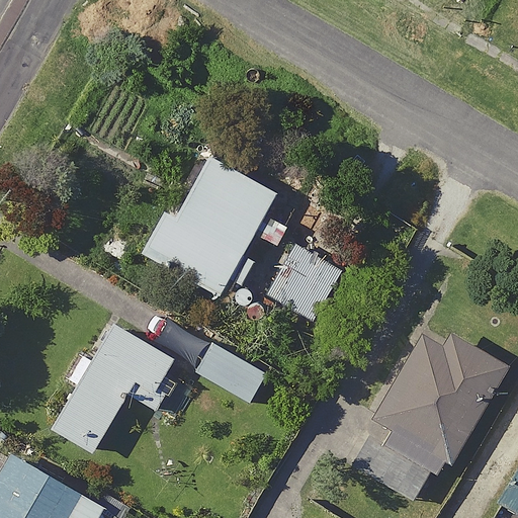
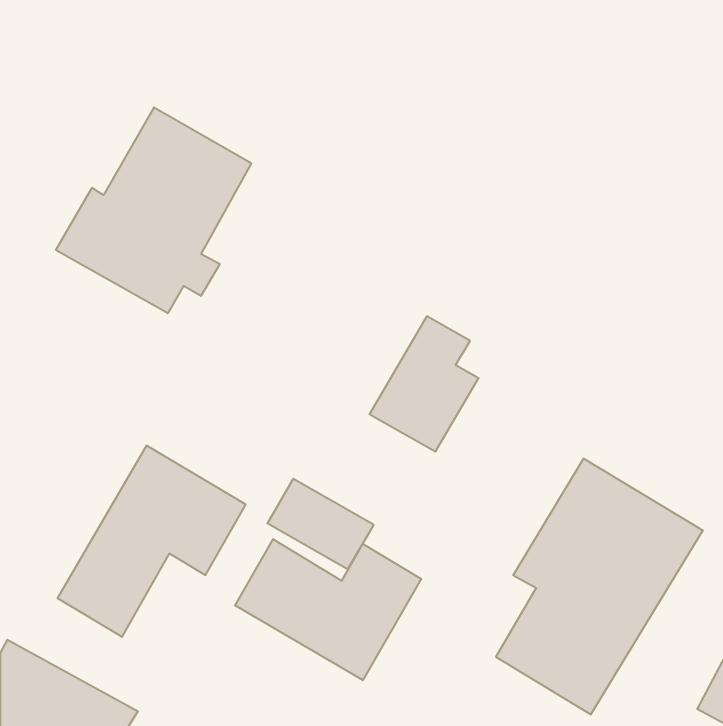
building: [141,152,278,296] -> [56,107,251,313]
building: none -> [235,539,421,680]

